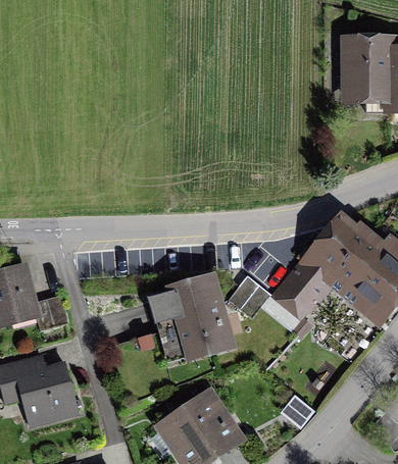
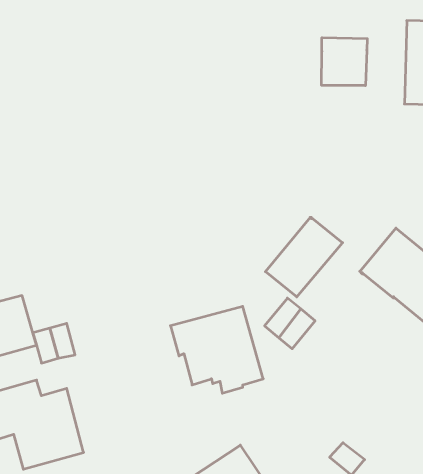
building: none -> [322,38,367,86]
building: [275,256,340,323] -> [265,217,343,297]

